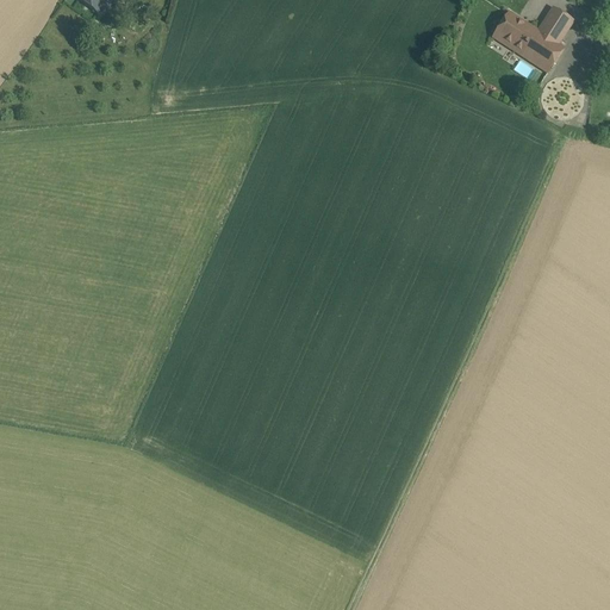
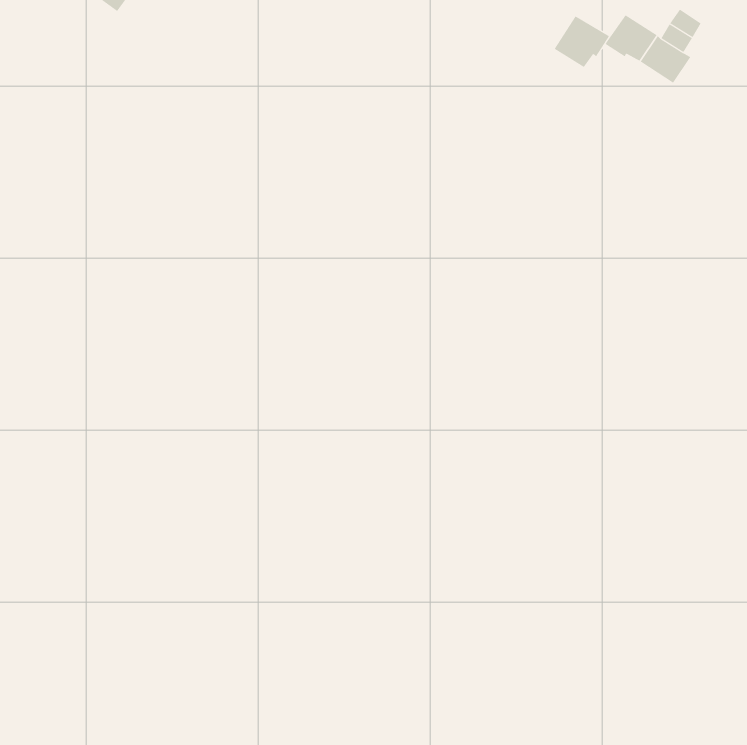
building: none -> [554,15,610,68]

